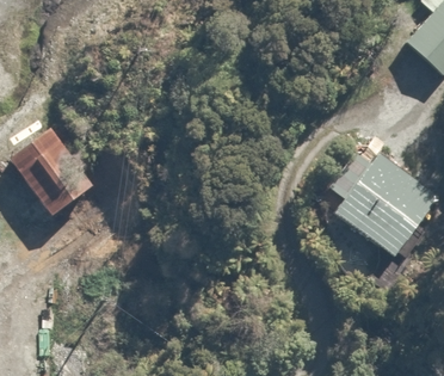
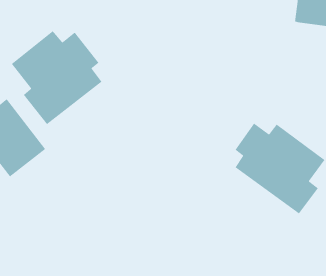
building: none -> [11,30,103,125]

